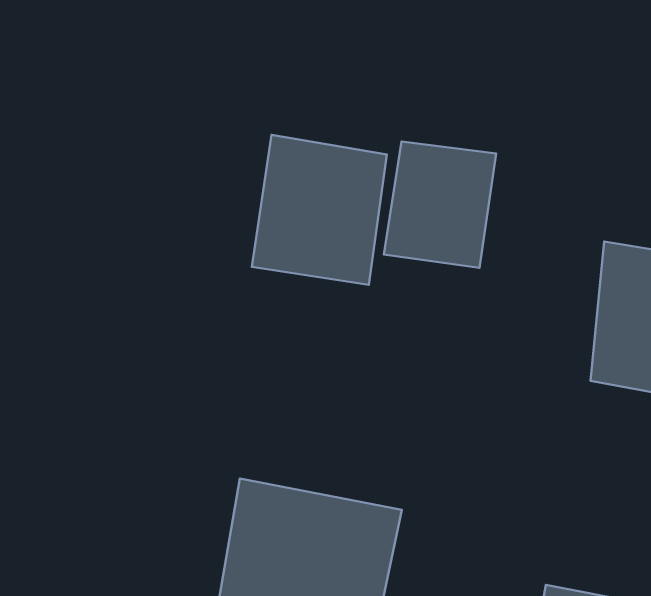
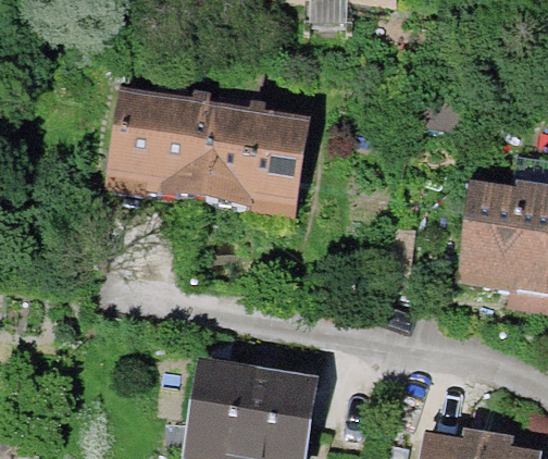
building: none -> [112,91,225,200]
building: [384,141,496,268] -> none

